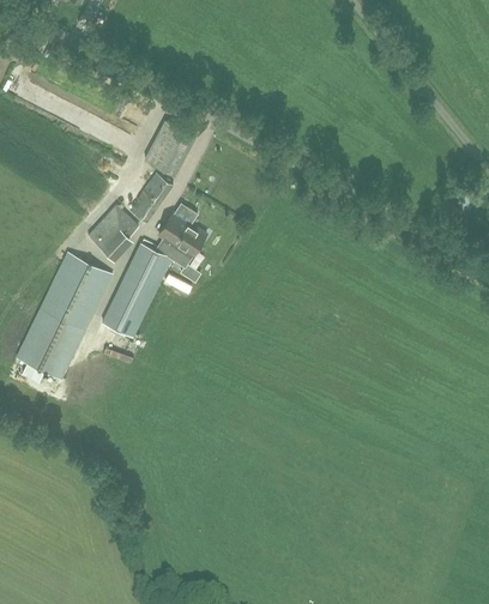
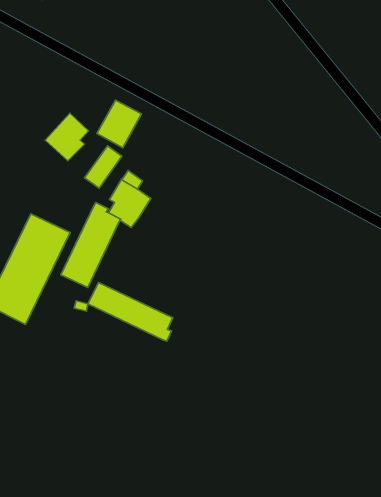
building: [87,205,138,260] -> [45,113,88,161]
building: none -> [88,282,173,341]

